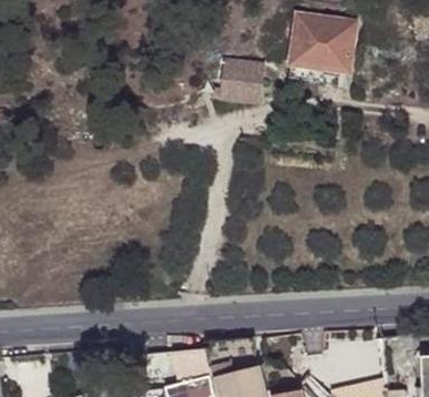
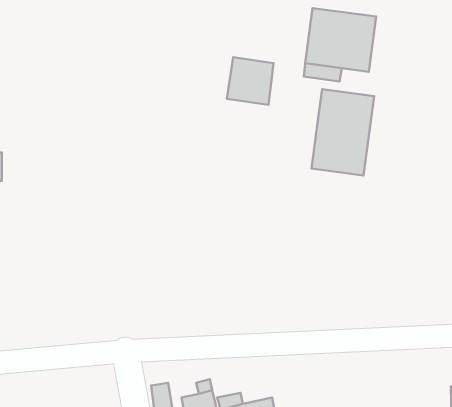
building: none -> [311,89,374,176]

